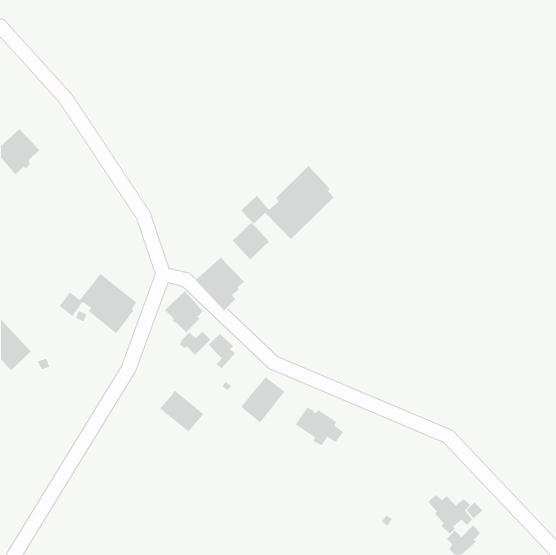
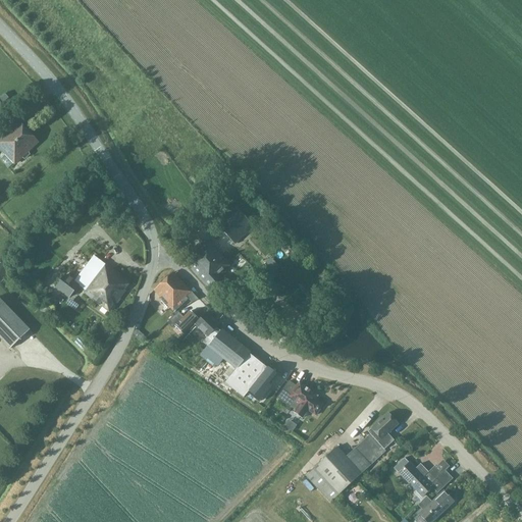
building: [240,165,334,240] -> none
building: [159,390,204,432] -> [208,328,250,368]
building: none -> [249,366,277,400]
building: none -> [305,412,398,502]

